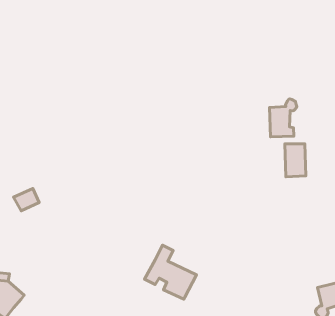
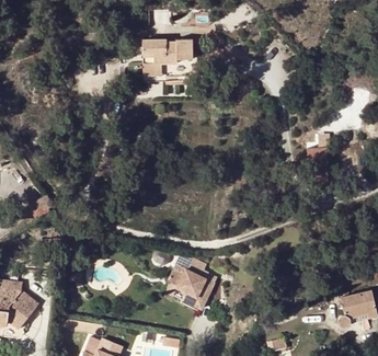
building: none -> [144,38,197,77]
building: [269,99,297,137] -> none

